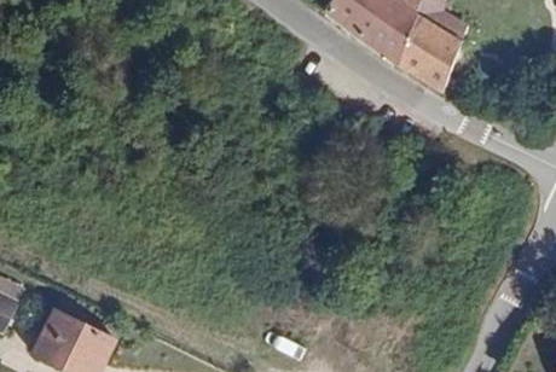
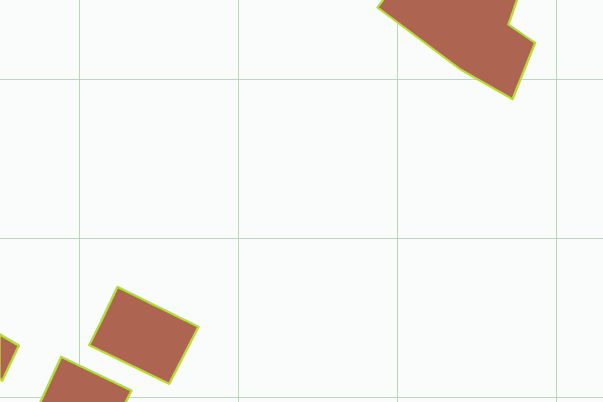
building: none -> [89,287,198,384]

